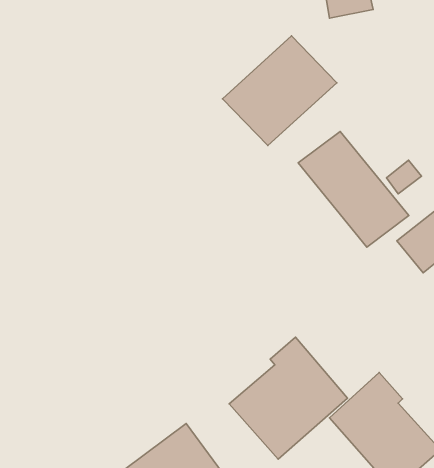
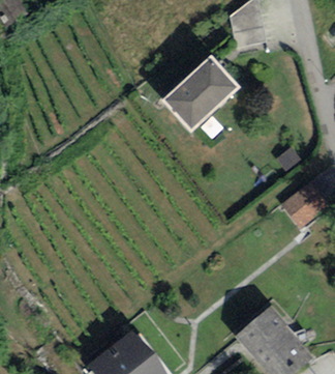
building: [298,131,409,247] -> none
building: [229,337,348,459] -> none

